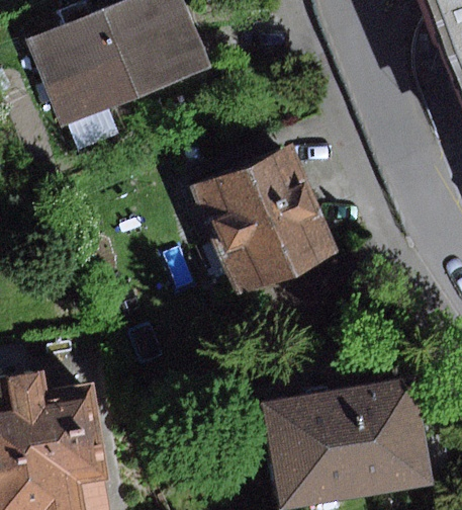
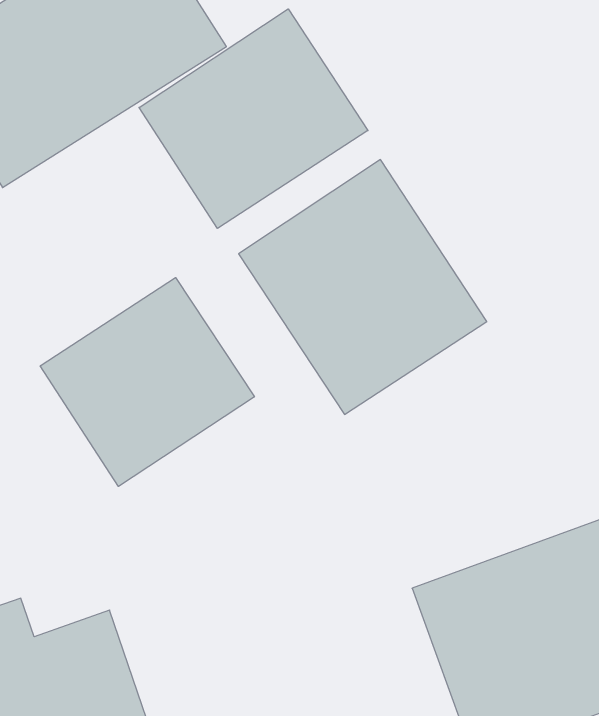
building: none -> [139,9,368,228]
building: none -> [40,278,254,486]

